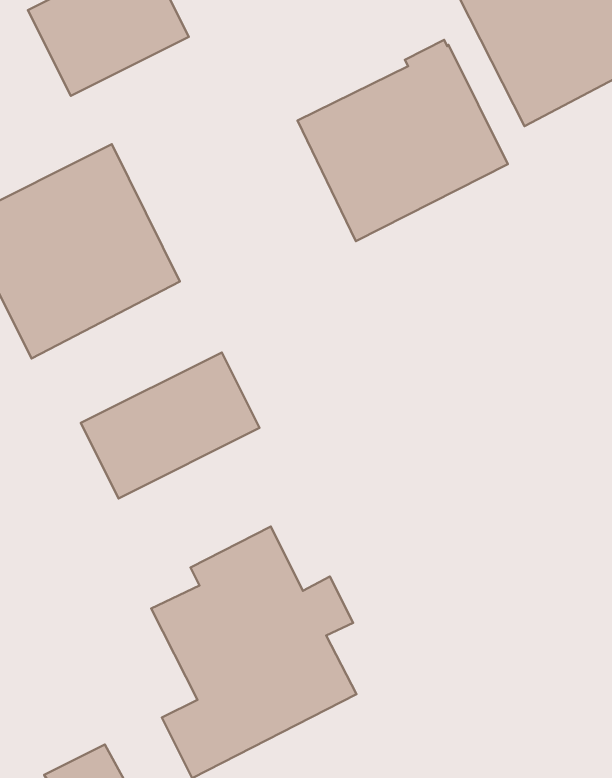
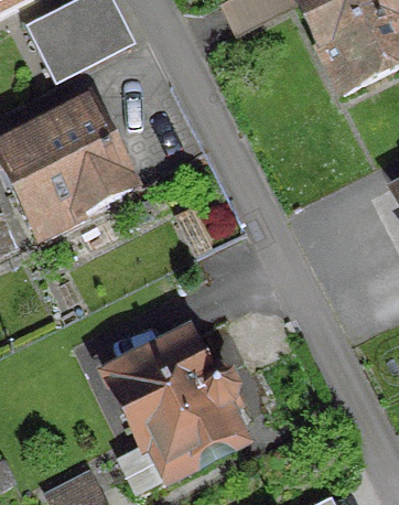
building: [298,40,508,241] -> none
building: [81,352,259,498] -> none

